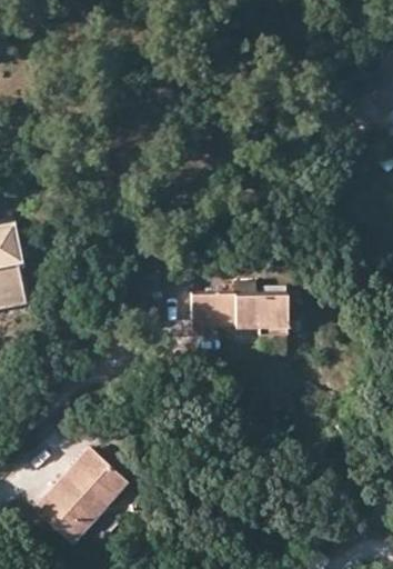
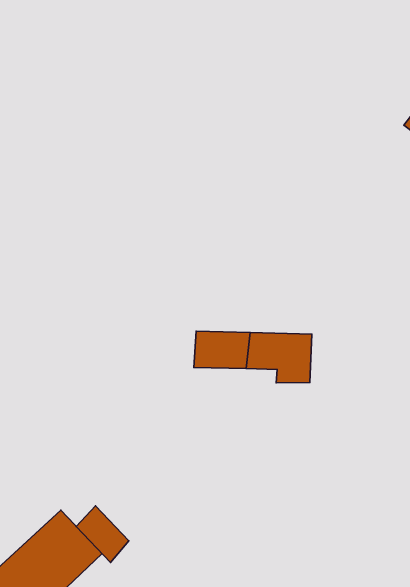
building: none -> [76,506,129,562]

